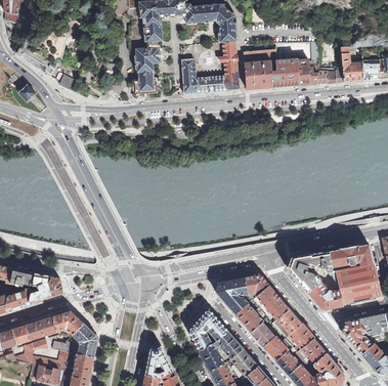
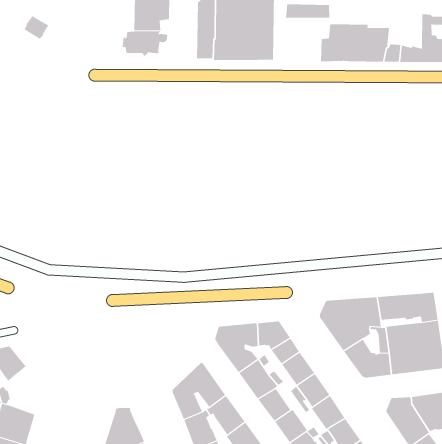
building: [244,59,275,89] -> none
building: [72,323,97,356] -> none

